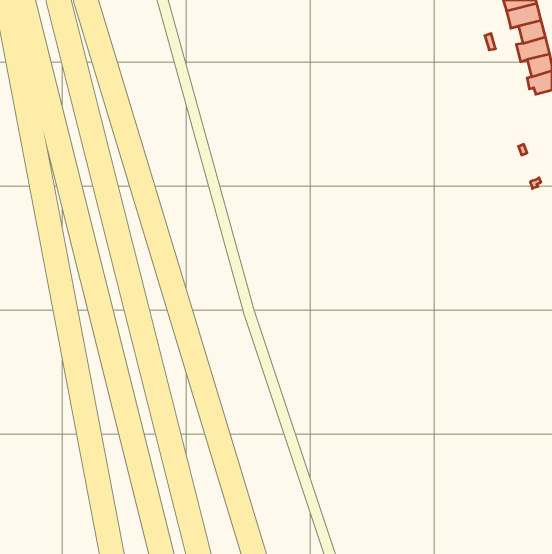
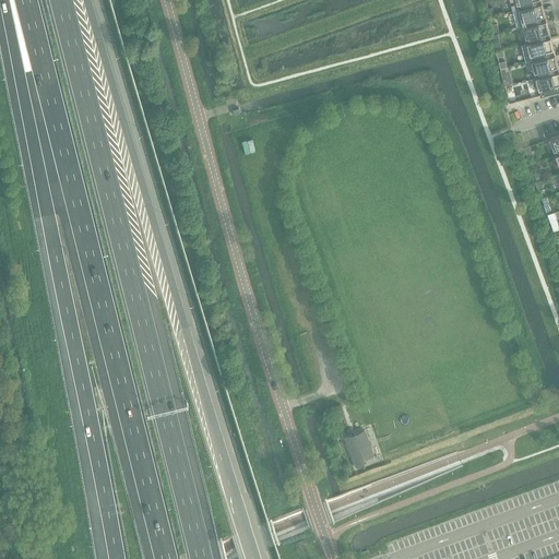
building: none -> [343,430,371,467]

